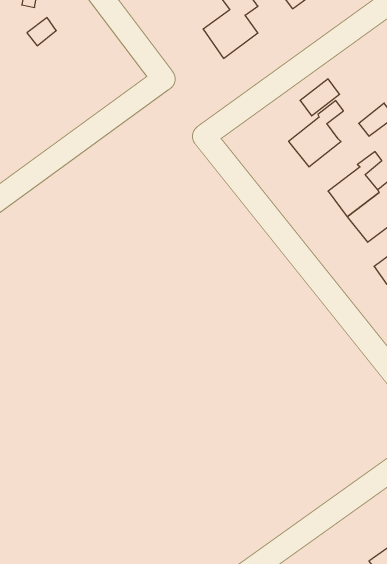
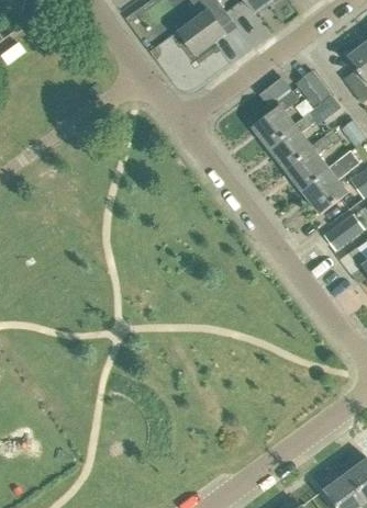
building: none -> [298,69,331,104]
building: none -> [269,113,315,169]

